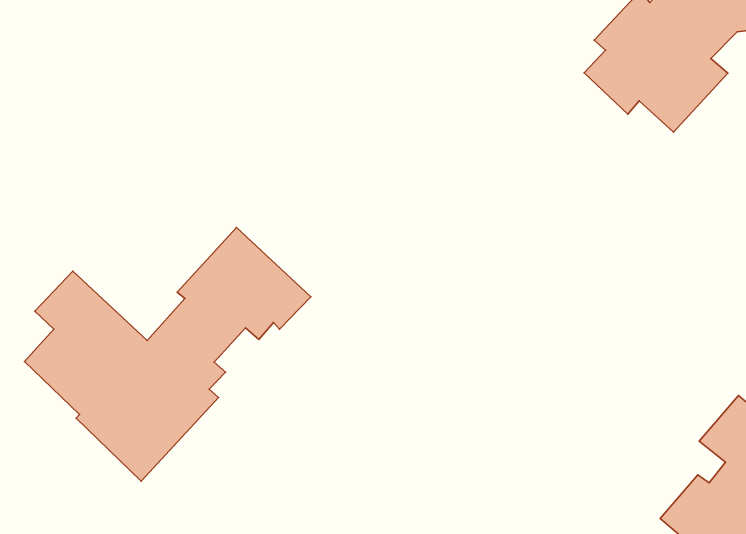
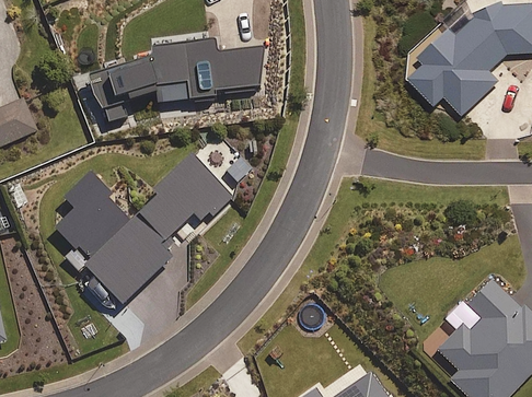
building: none -> [86,38,263,122]

